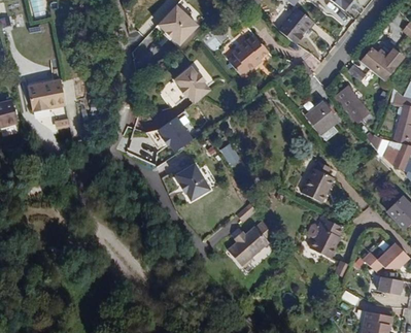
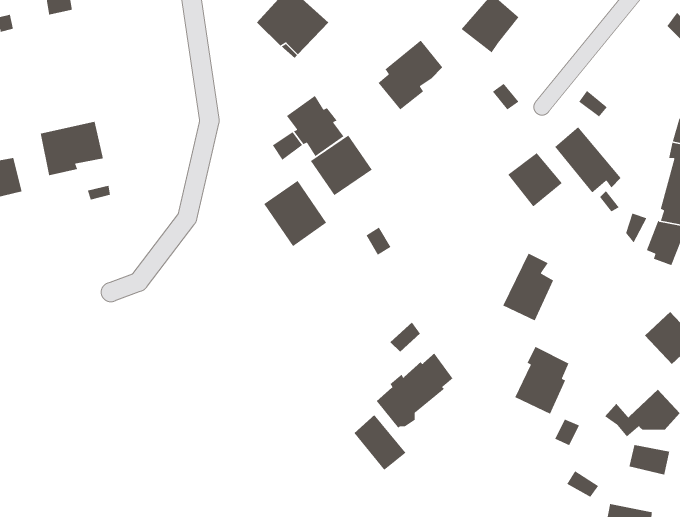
building: [359,47,403,80] -> none
building: none -> [310,135,373,196]
building: [172,165,207,203] -> none
building: none -> [354,414,406,471]

